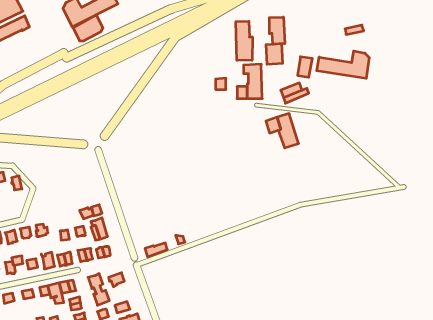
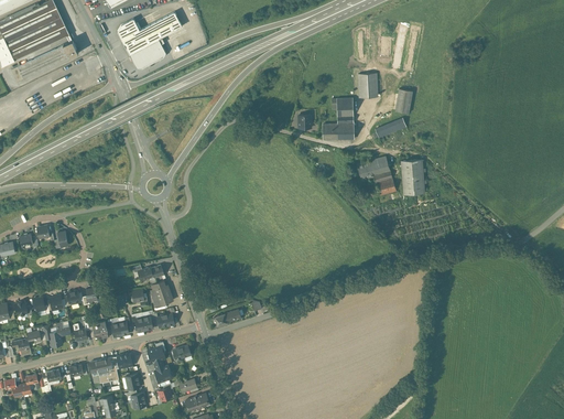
building: [269,17,285,44] -> none
building: [236,21,252,60] -> none
building: [317,51,369,78] -> none
building: none -> [400,159,425,193]

